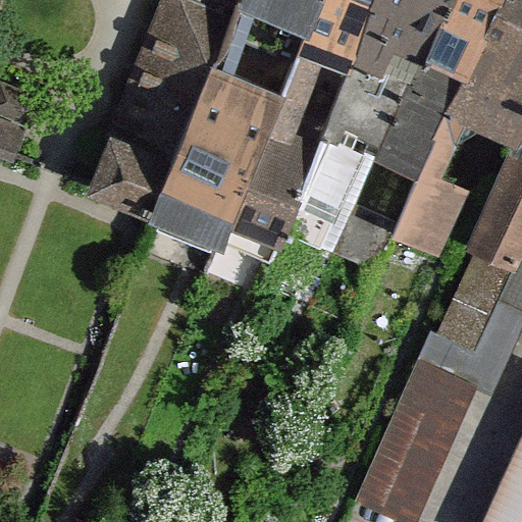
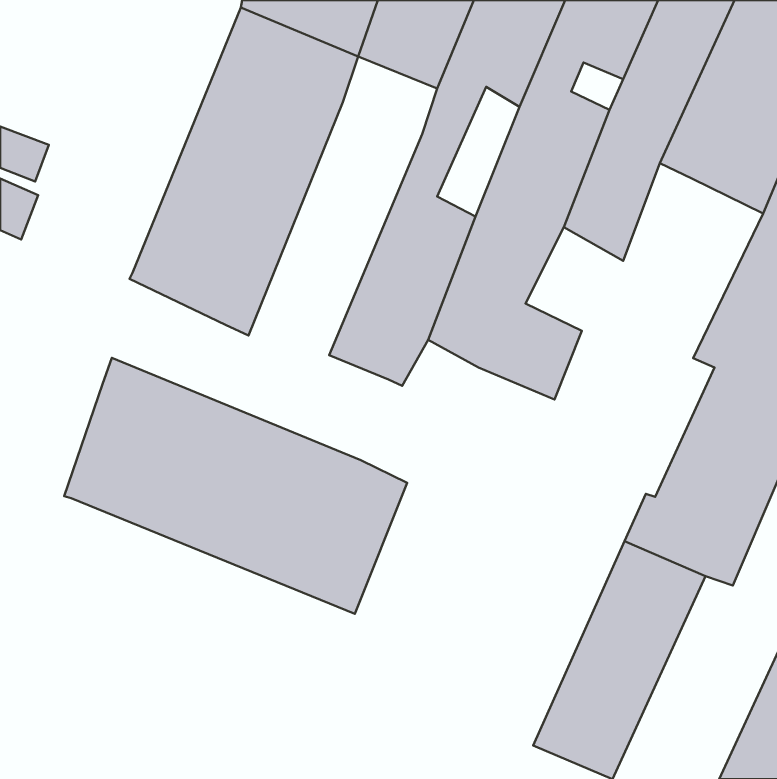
building: [167,68,283,246] -> none
building: [393,109,471,252] -> none
building: none -> [64,358,407,614]

